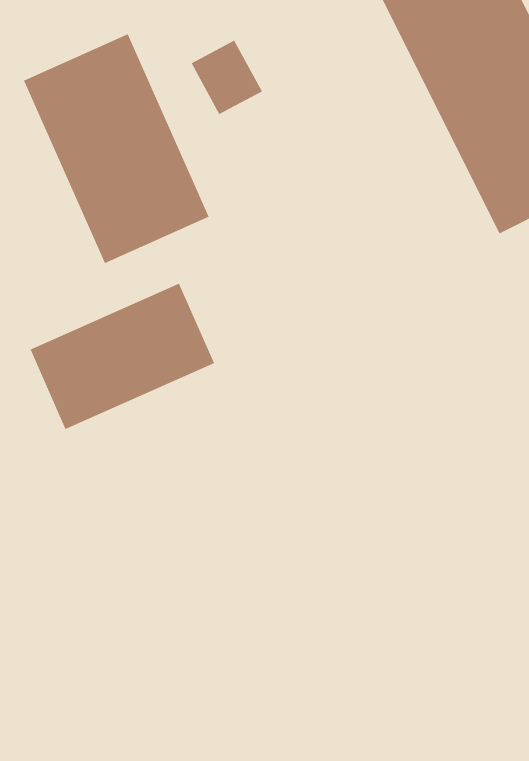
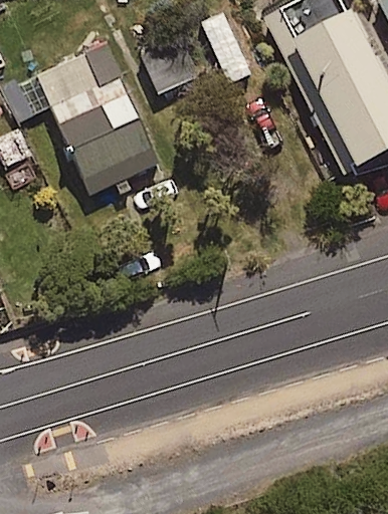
building: [30,283,215,430] -> none

